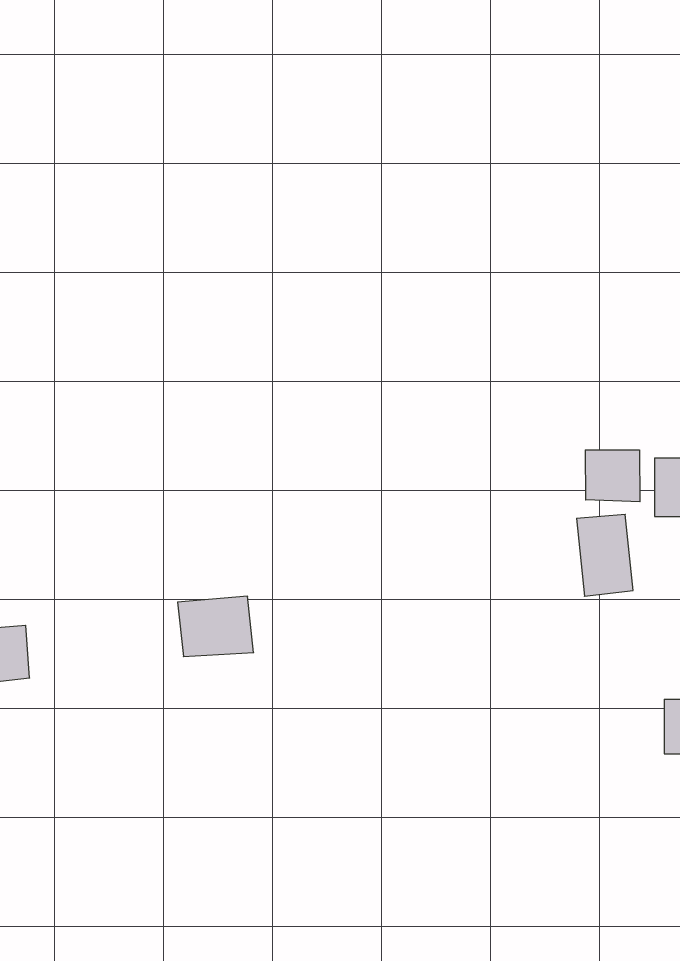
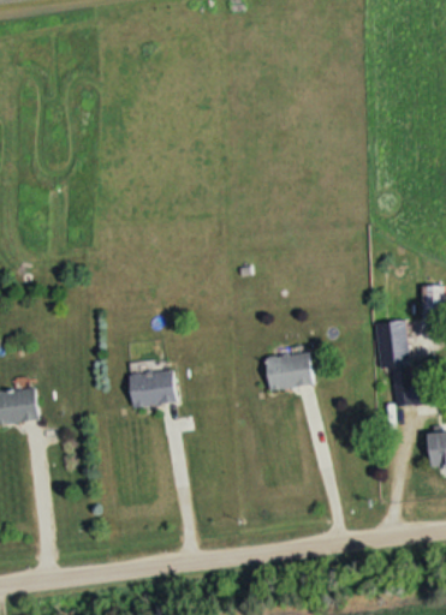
building: [585,450,640,502] -> none
building: none -> [266,351,313,389]

